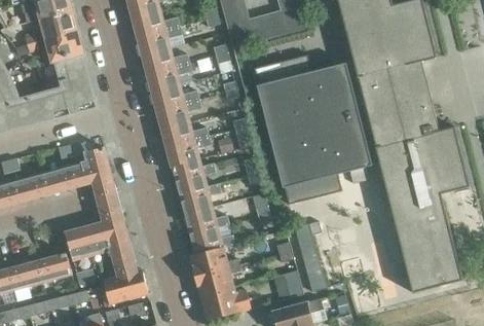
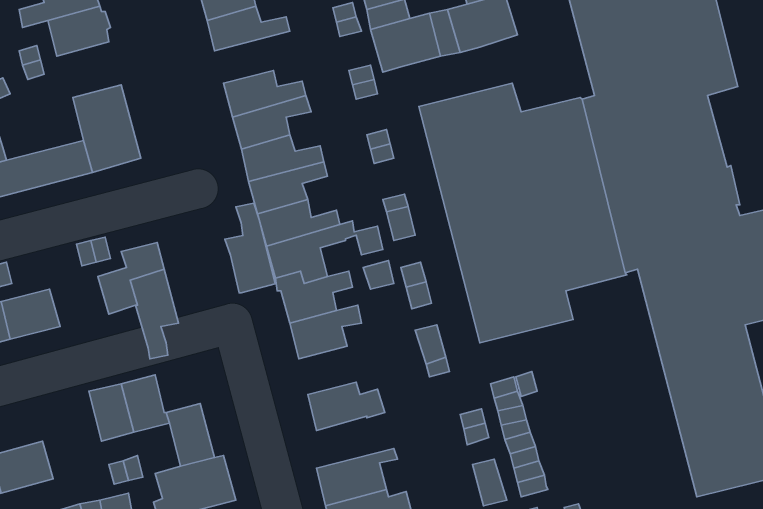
building: [136,25,181,55] -> none
building: [45,31,82,60] -> none
building: [41,166,75,194] -> none
building: [99,192,127,244] -> [225,203,275,293]
building: [184,206,228,233] -> none
building: [188,246,238,276] -> none
building: [37,253,71,282] -> none

